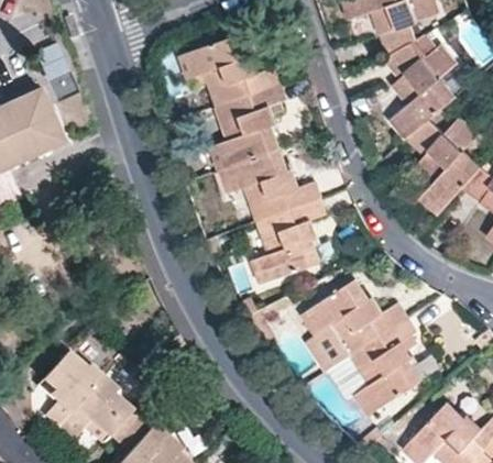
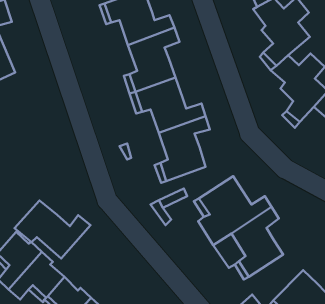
building: none -> [15,200,90,258]

